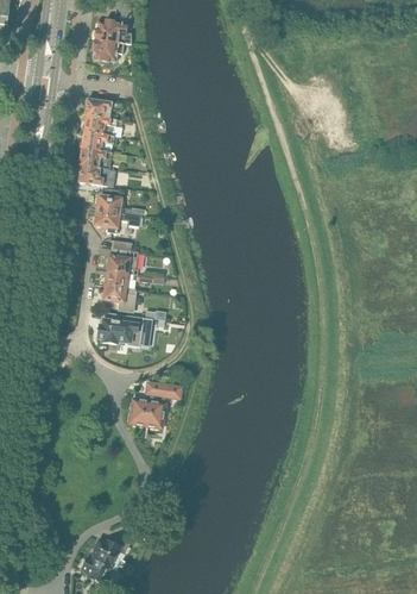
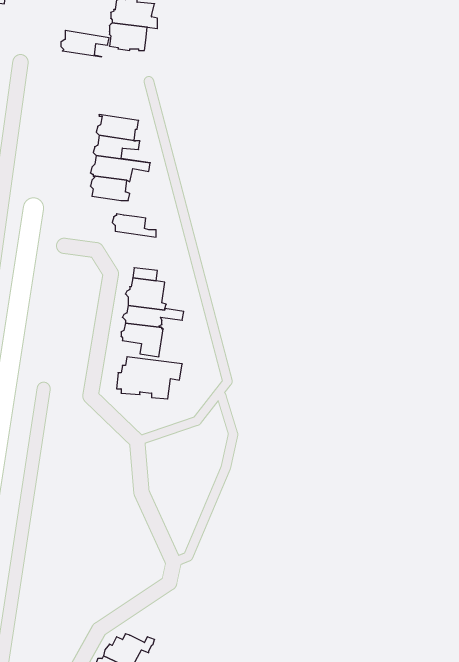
building: [83,98,122,119] -> [61,30,109,57]
building: [93,210,140,233] -> none
building: [129,381,175,426] -> none

